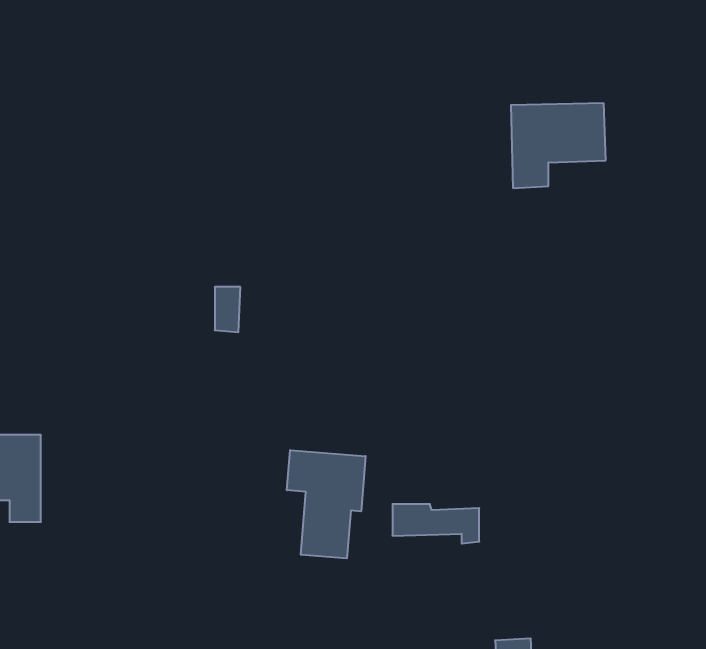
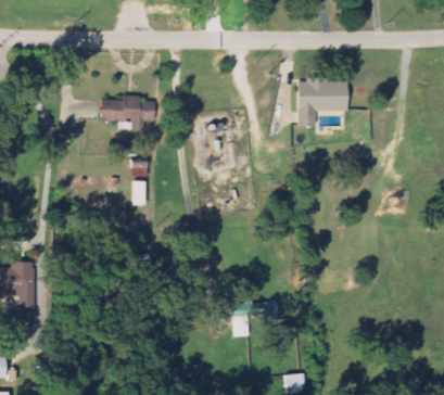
building: none -> [100,97,156,130]
building: [287,450,366,558] -> none

